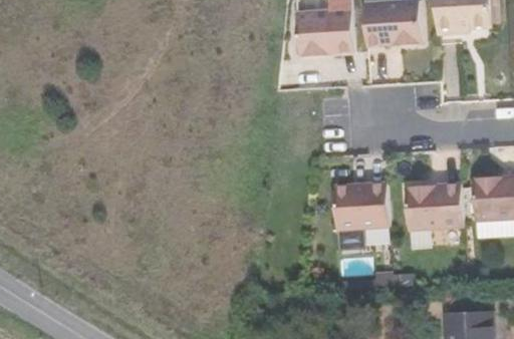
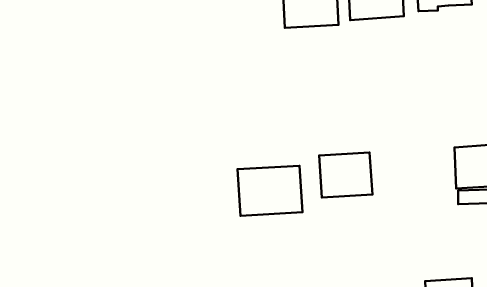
building: [405,184,463,230] -> none
building: none -> [237,166,302,216]

